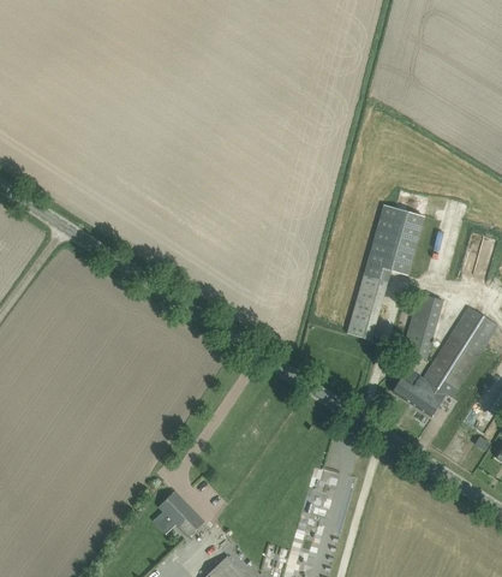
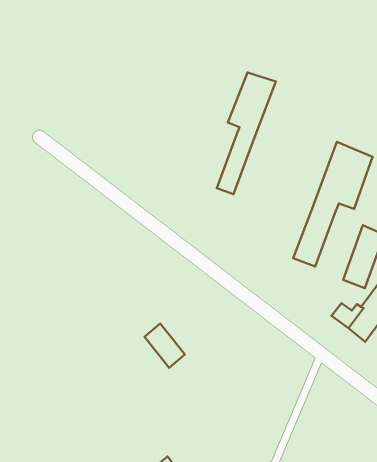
building: none -> [217,73,276,194]
building: [159,490,203,537] -> [145,324,185,368]

